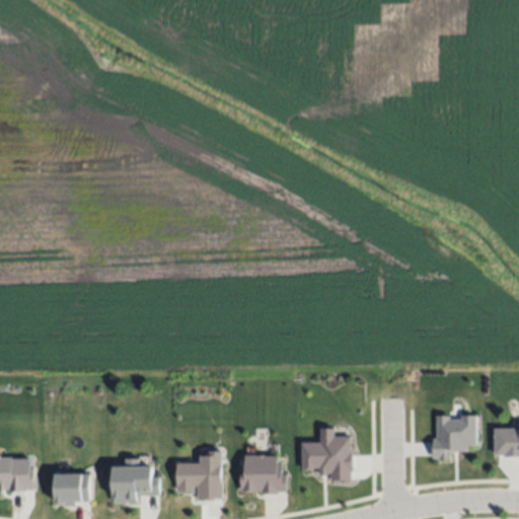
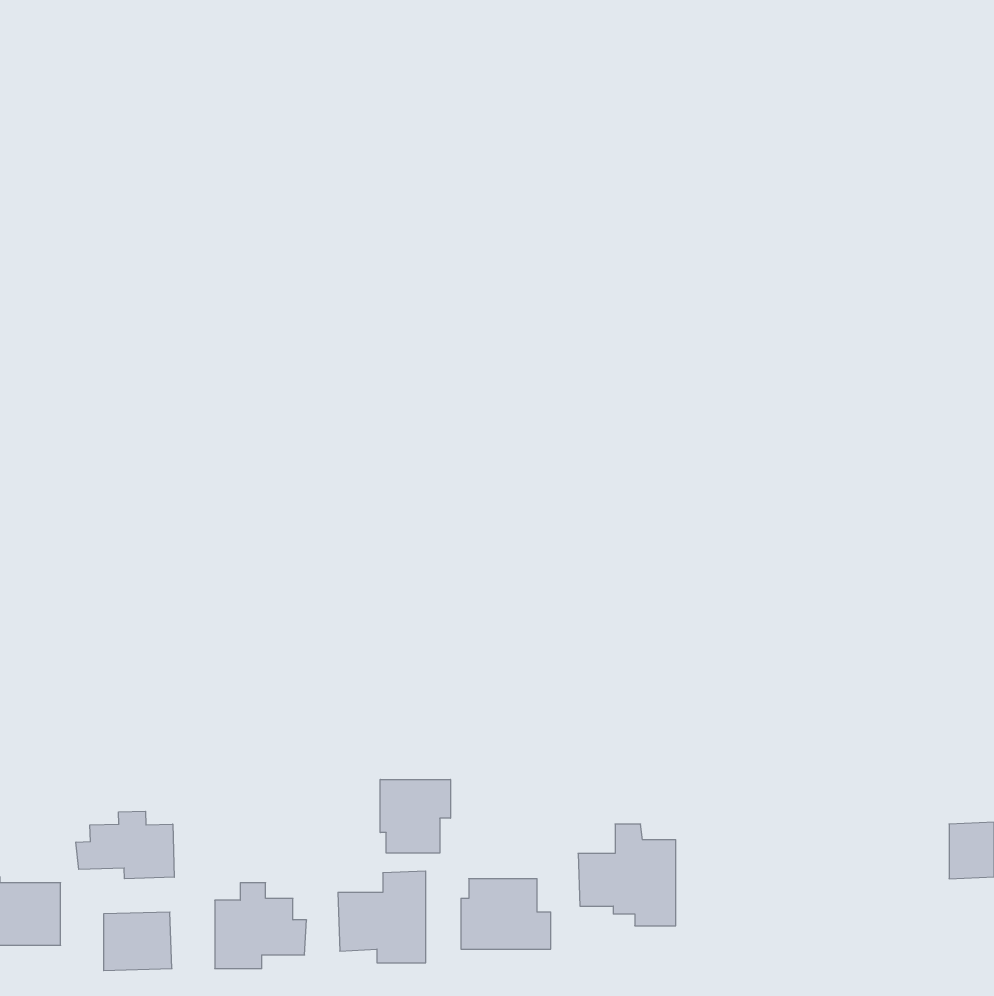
building: none -> [380,779,450,853]
building: [433,416,476,459] -> none
building: none -> [76,811,174,879]

